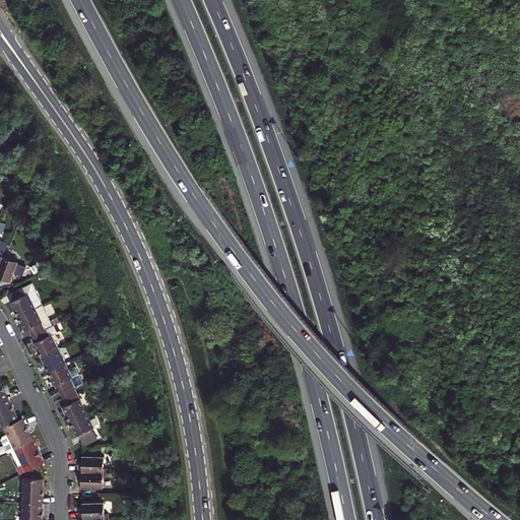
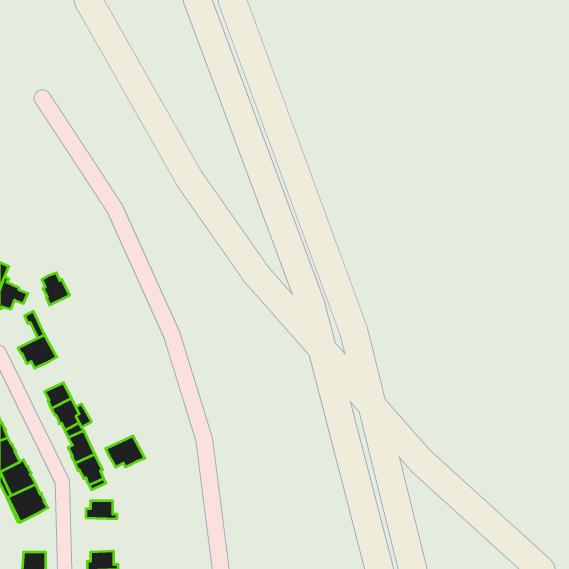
building: [9,288,35,318] -> [42,273,70,305]
building: [31,330,58,358] -> none
building: none -> [106,436,145,467]
building: [78,472,107,490] -> none
building: [21,478,43,504] -> none

